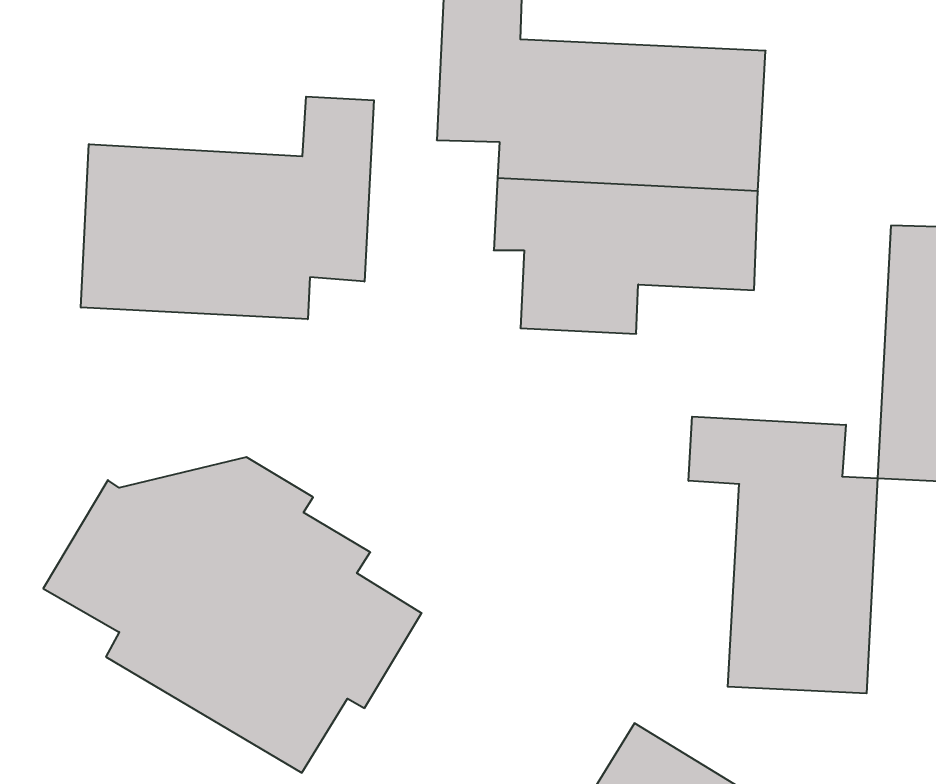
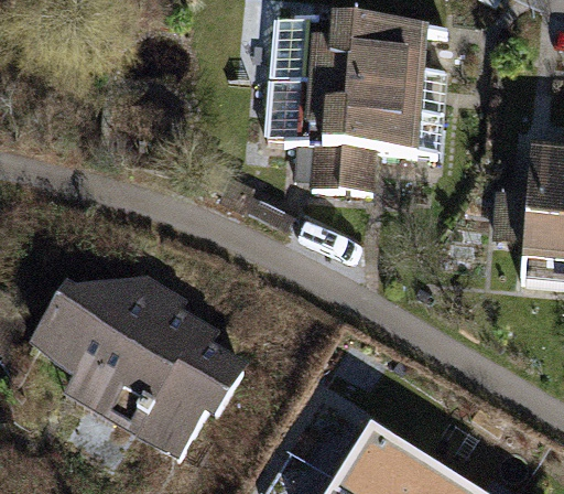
building: [81,97,374,319] -> none
building: [689,417,878,693] -> none

